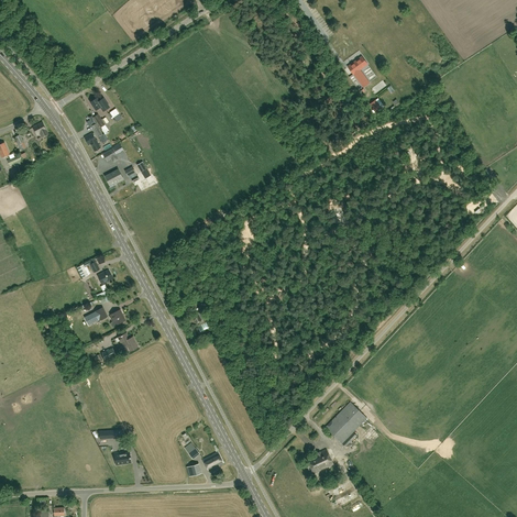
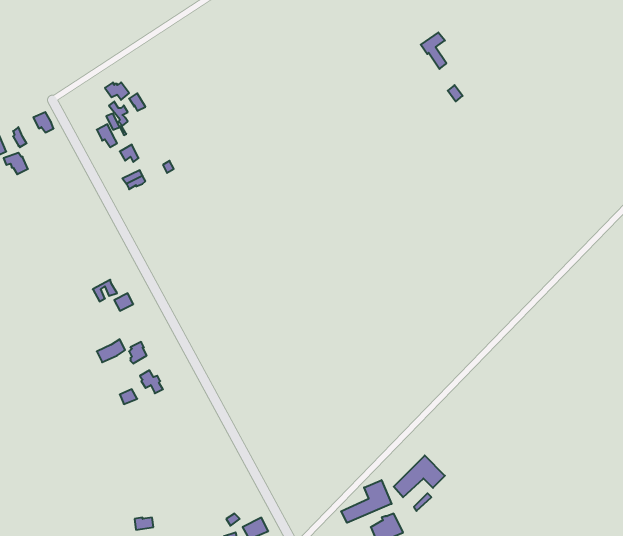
building: none -> [341,480,392,523]

